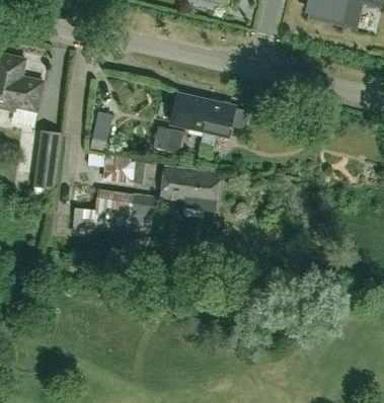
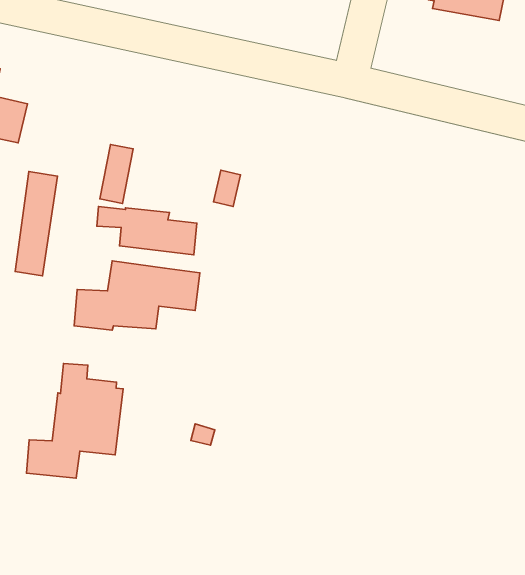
building: [168,92,246,145] -> none
building: [161,166,219,211] -> none
building: none -> [27,363,123,478]

